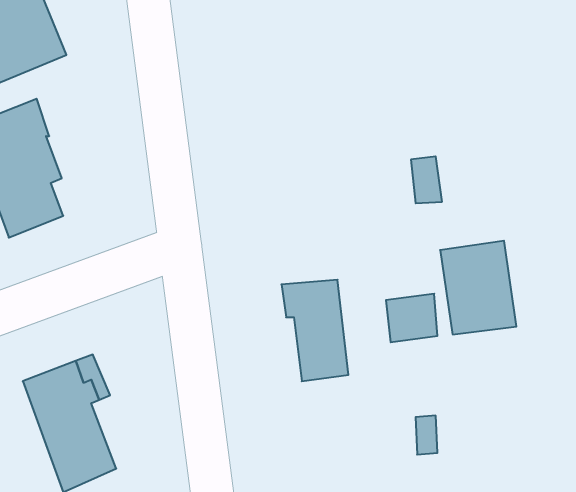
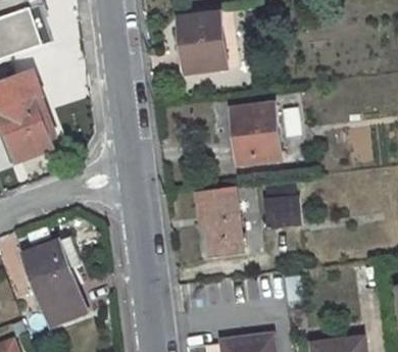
building: none -> [178,12,225,73]
building: [440,241,516,334] -> [231,103,281,164]

